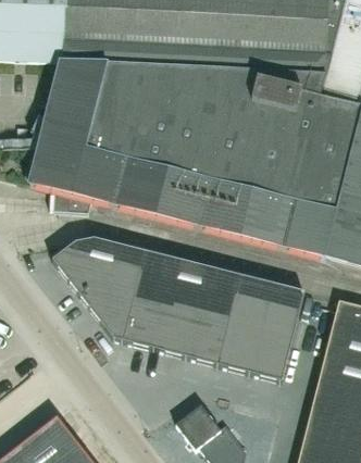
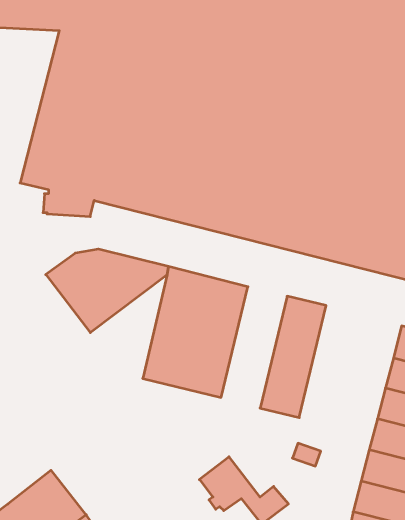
building: [88,259,150,342] -> none
building: [194,268,247,366] -> none
building: [257,284,304,380] -> none

